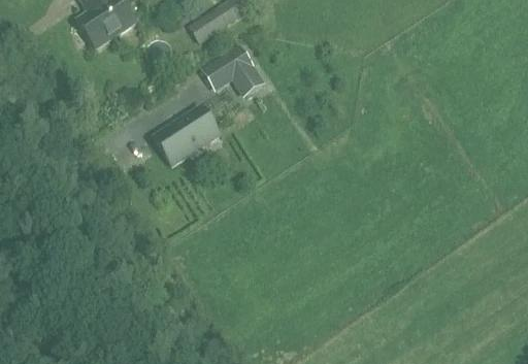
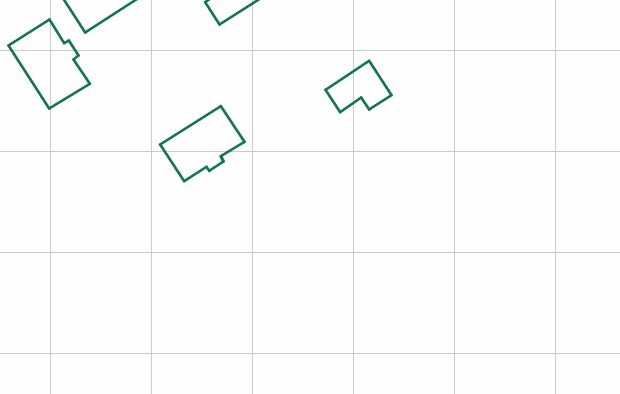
building: none -> [8,19,90,109]
building: [206,48,258,89] -> [326,61,391,112]

